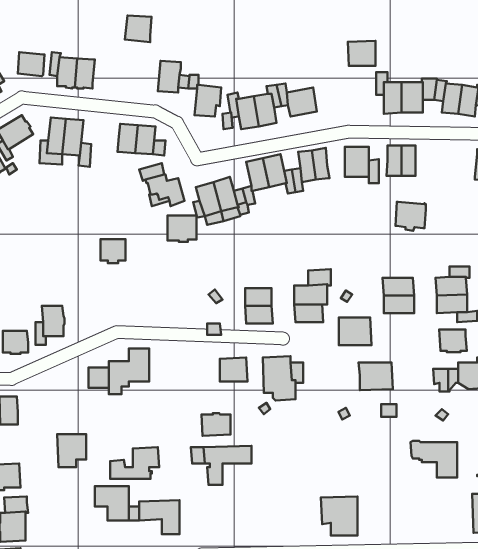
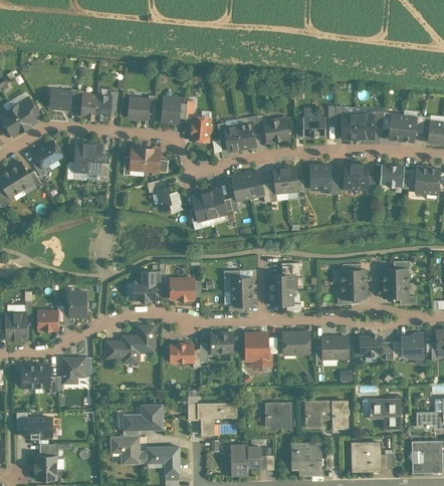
building: [125,16,151,42] -> [128,98,149,119]
building: [348,41,375,66] -> [302,116,324,137]
building: [395,202,426,231] -> [380,165,404,188]
building: [168,215,197,242] -> [171,279,194,300]
building: [100,239,126,263] -> [135,282,155,301]
building: [339,317,372,345] -> [283,332,309,354]
building: [439,329,467,352] -> [360,337,382,355]
building: [201,413,230,436] -> [170,344,193,362]
building: [57,434,86,467] -> [62,357,85,384]
building: none -> [305,402,347,428]
building: none -> [265,403,291,430]
building: none -> [352,443,380,472]
building: none -> [232,446,260,469]

